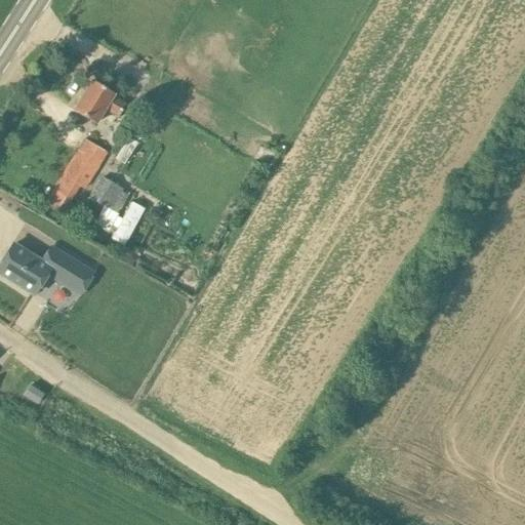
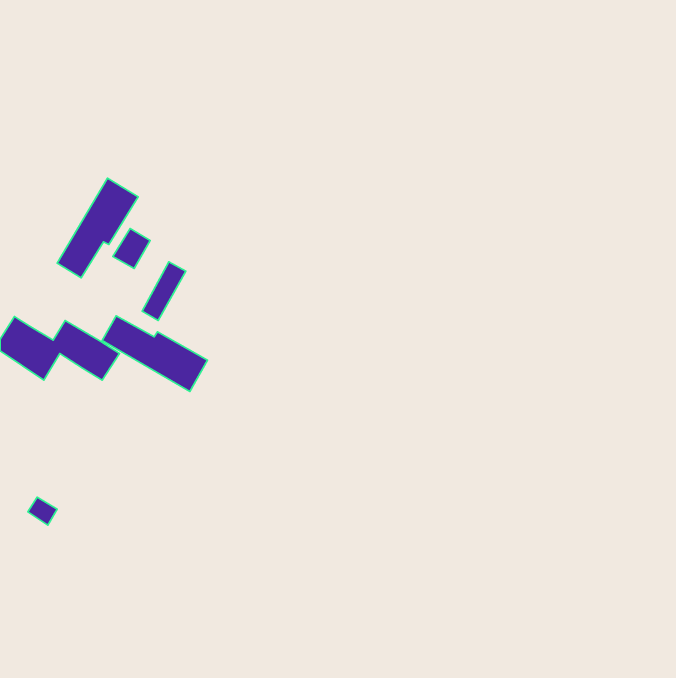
building: [75,79,127,122] -> none
building: none -> [102,316,207,391]

